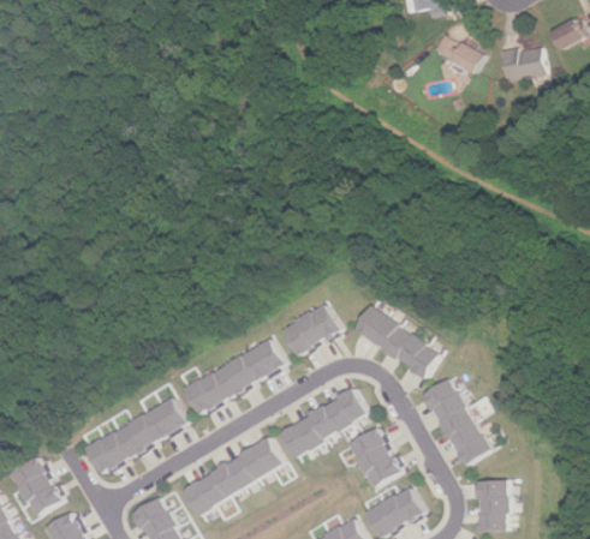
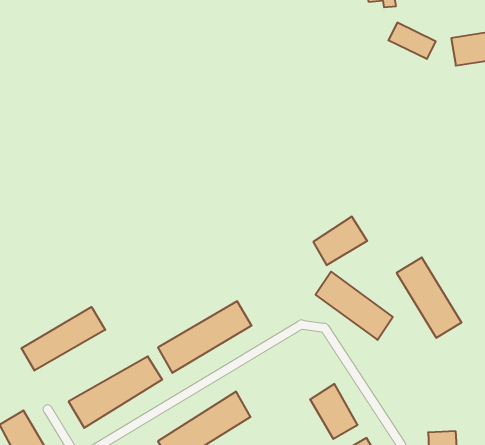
building: [281,304,340,357] -> [313,217,367,265]
building: none -> [21,307,105,371]
building: [418,378,489,466] -> [397,257,462,338]
building: [278,388,365,459] -> none

